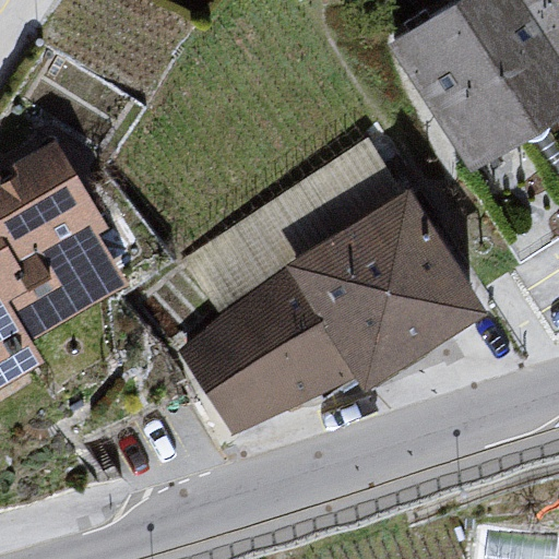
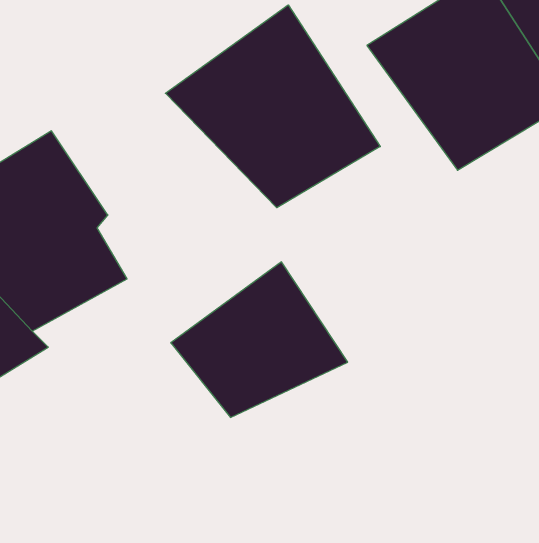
building: none -> [165,5,380,208]
building: [285,198,483,381] -> none

